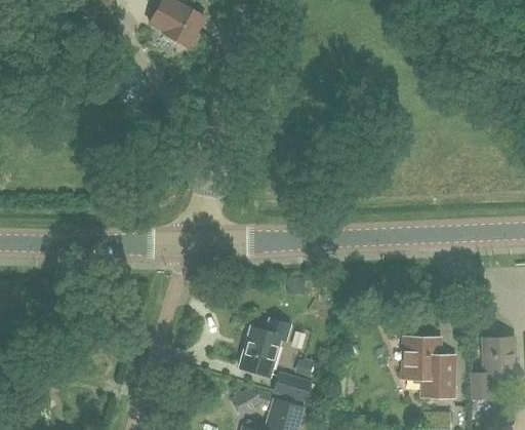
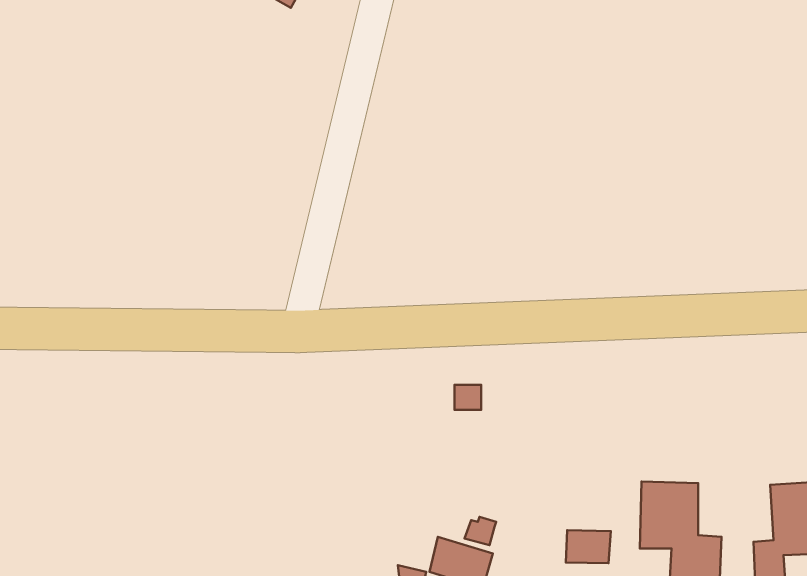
building: [239,320,290,377] -> none
building: none -> [566,530,611,563]

